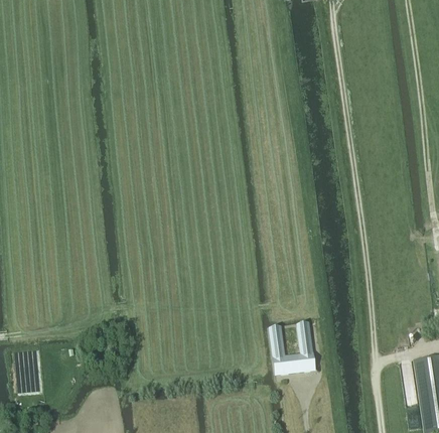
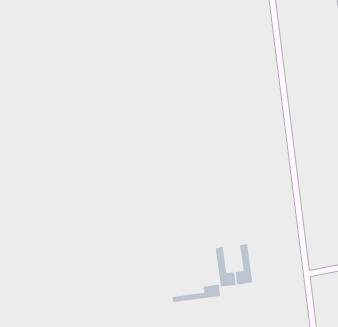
building: none -> [172,284,221,303]

